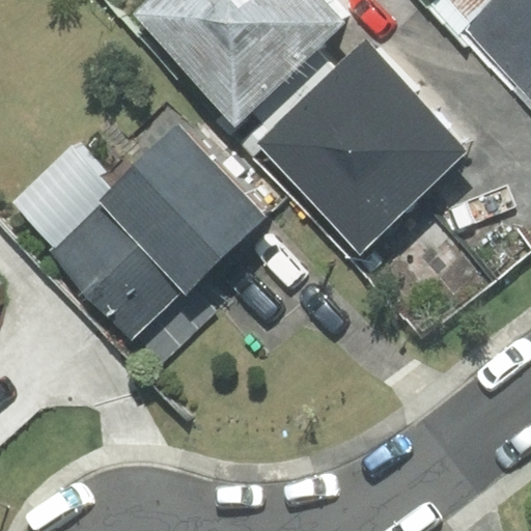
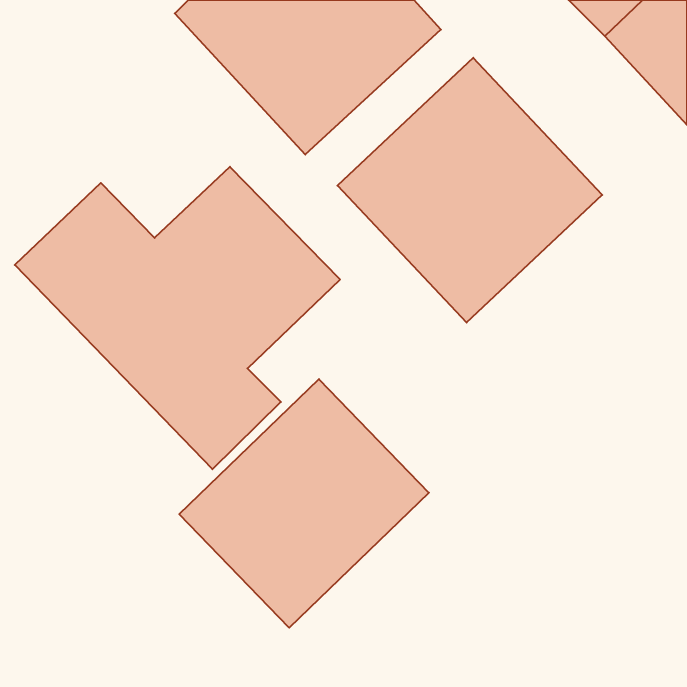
building: none -> [179,379,429,628]

